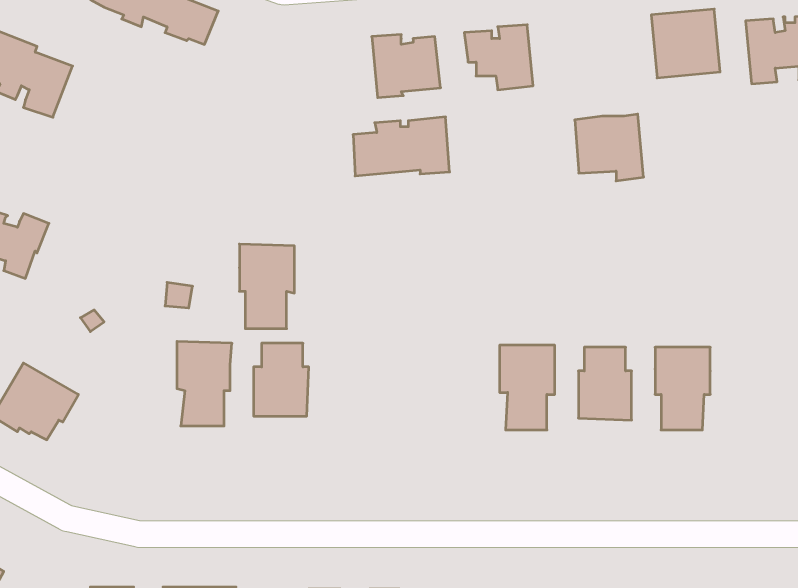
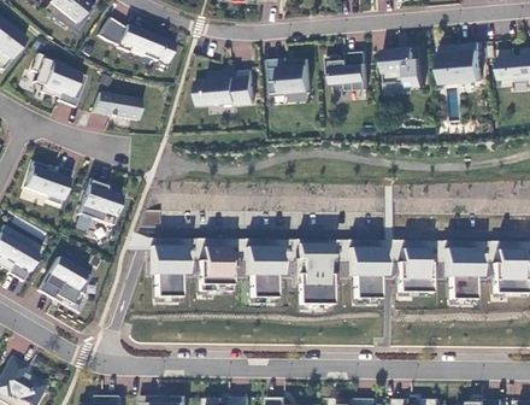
building: none -> [90,92,140,119]
building: [575,114,644,181] -> [383,45,425,86]
building: [353,117,450,176] -> [195,68,254,104]
building: none -> [75,177,120,225]
building: [239,244,294,329] -> [245,245,278,297]
building: none -> [292,242,332,304]
building: none -> [489,248,523,292]

